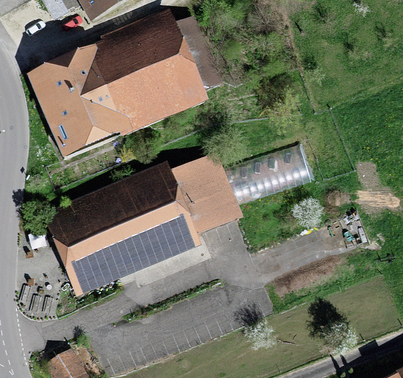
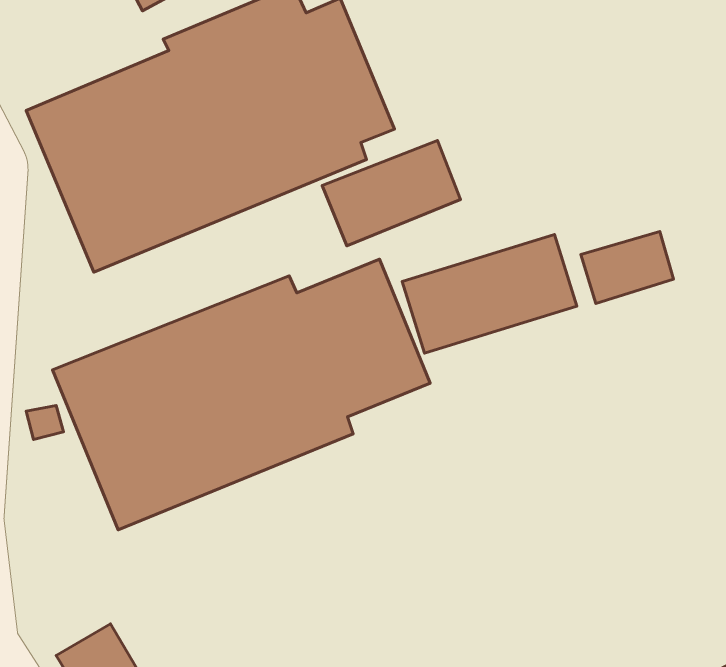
building: none -> [322,140,460,246]
building: none -> [581,232,674,303]

